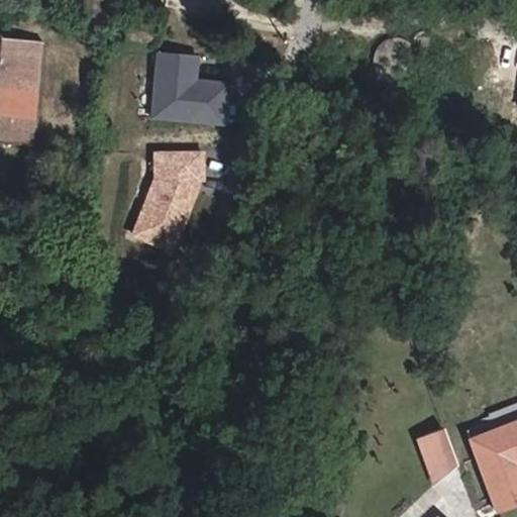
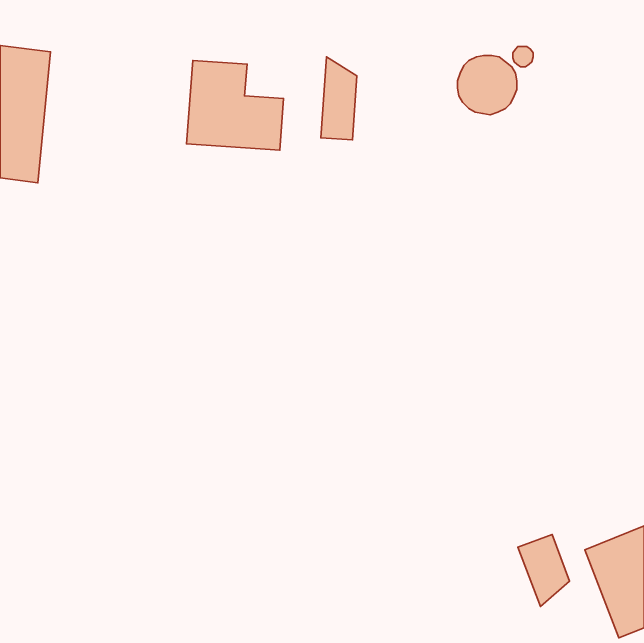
building: none -> [321,57,357,140]
building: [133,143,204,247] -> none

